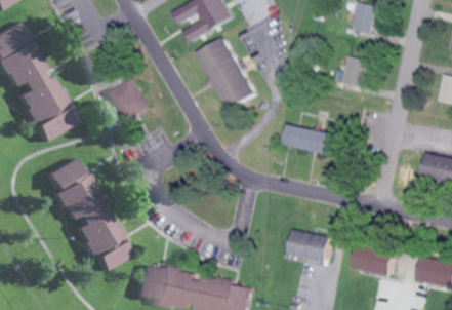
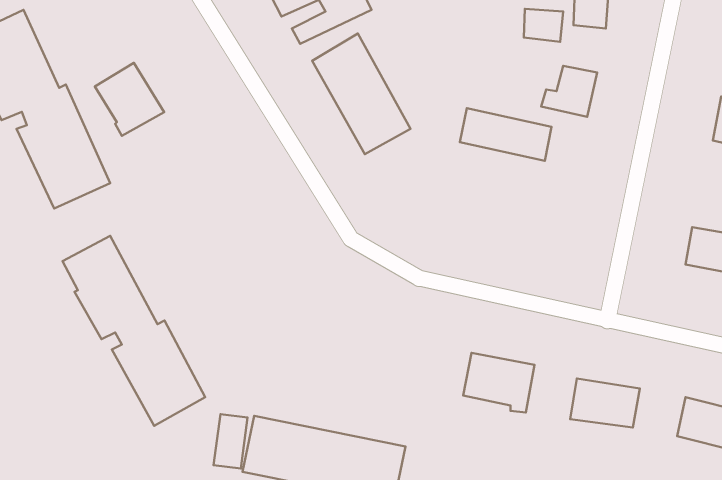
building: none -> [524,9,563,42]
building: [105,77,147,121] -> [95,63,164,136]
building: [283,122,338,154] -> [460,108,552,161]

